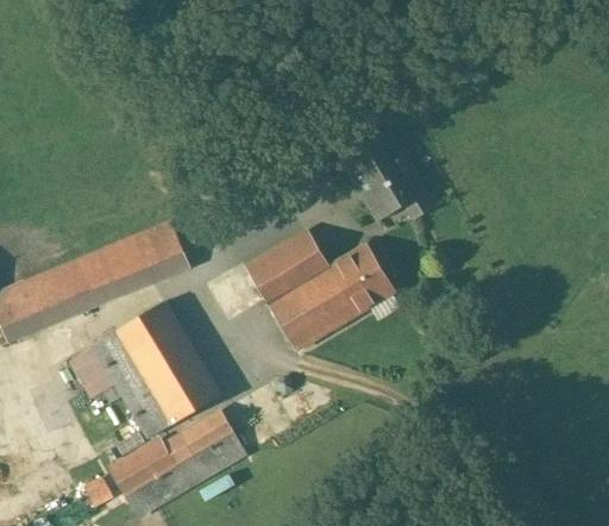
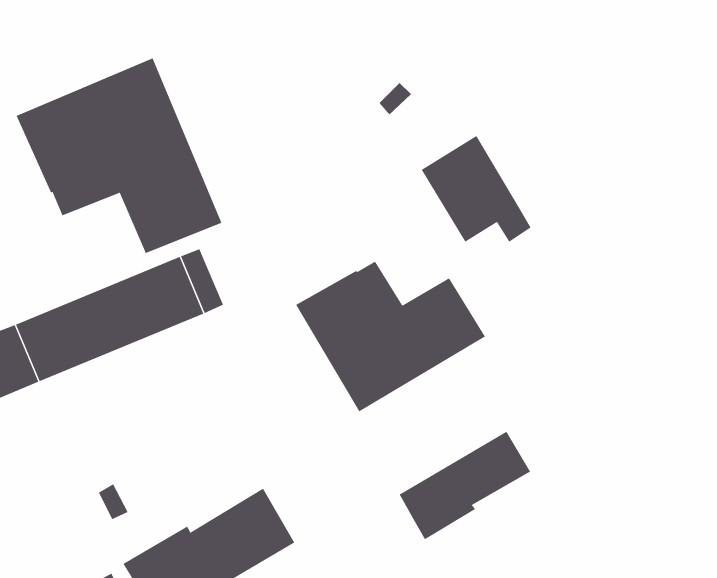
building: none -> [16,58,222,254]
building: [95,301,220,437] -> none
building: none -> [399,431,531,540]

